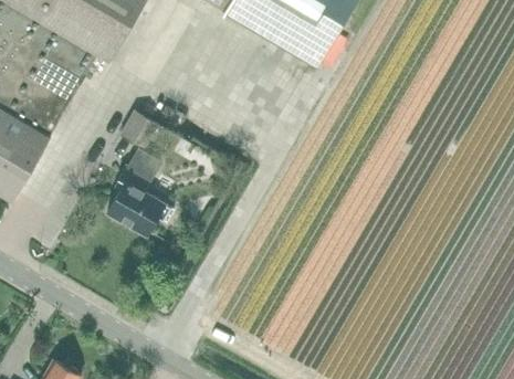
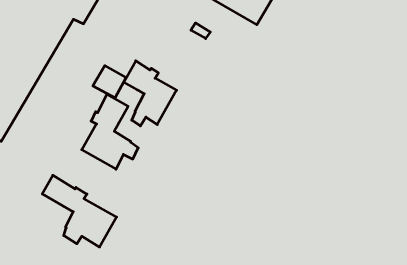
building: none -> [124,61,177,126]
building: none -> [42,175,117,247]

